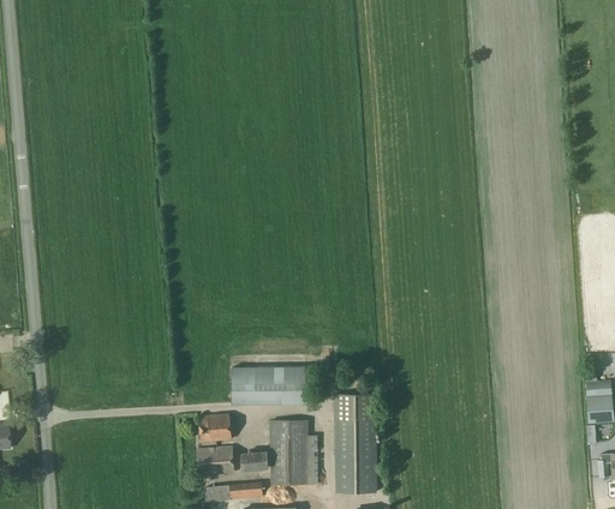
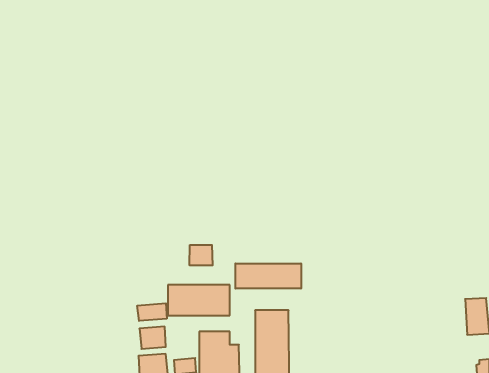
building: none -> [190,245,213,265]
building: none -> [235,263,301,289]
building: none -> [137,303,167,321]

